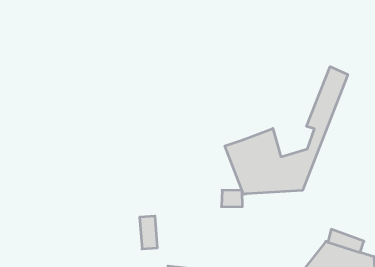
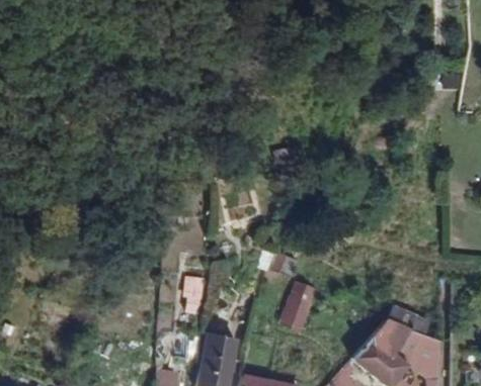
building: [225,67,348,194] -> none
building: none -> [285,280,320,330]

